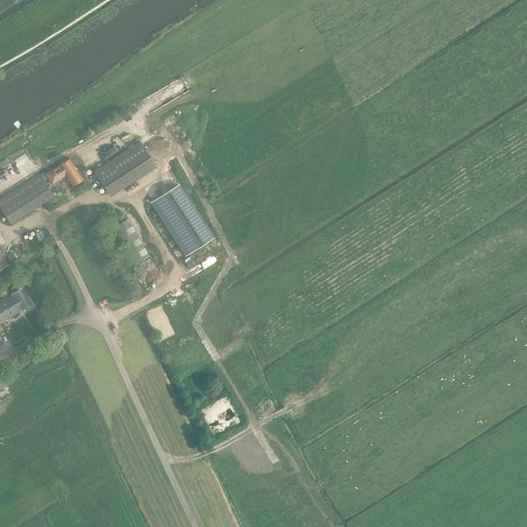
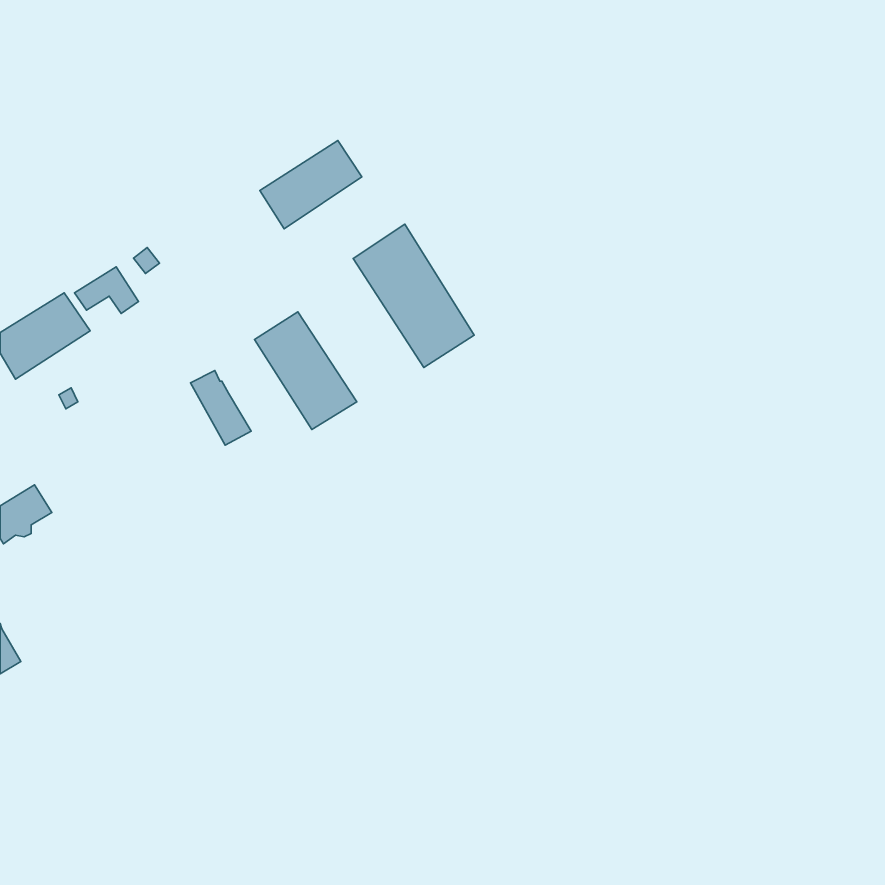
building: none -> [353,224,474,367]
building: [94,142,154,195] -> [260,140,362,229]

